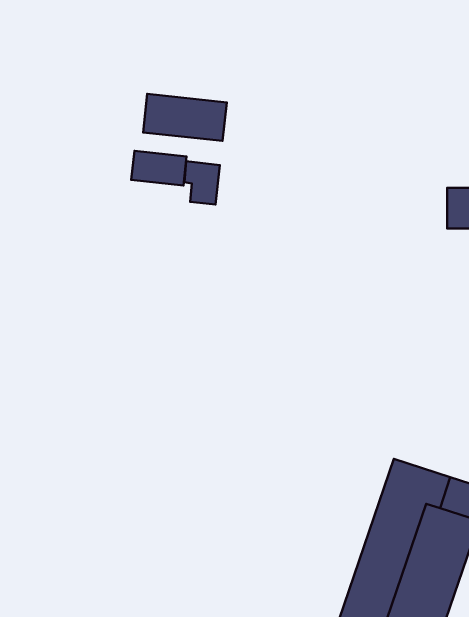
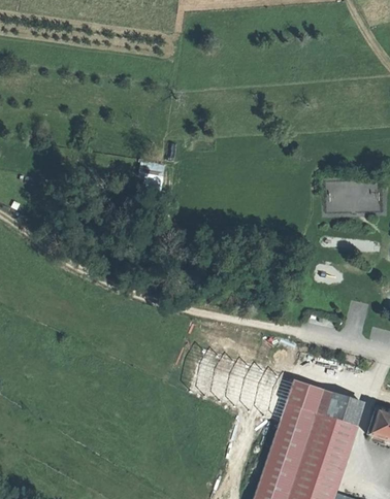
building: [143,94,227,141] -> none
building: [131,151,187,185] -> none

